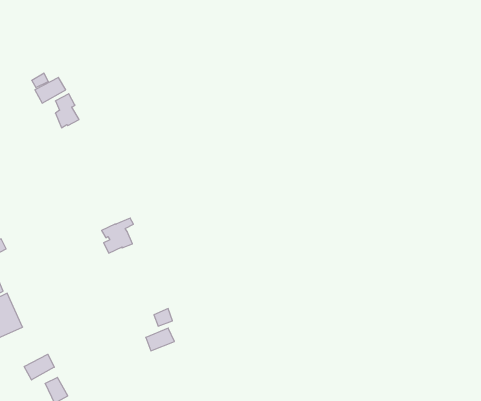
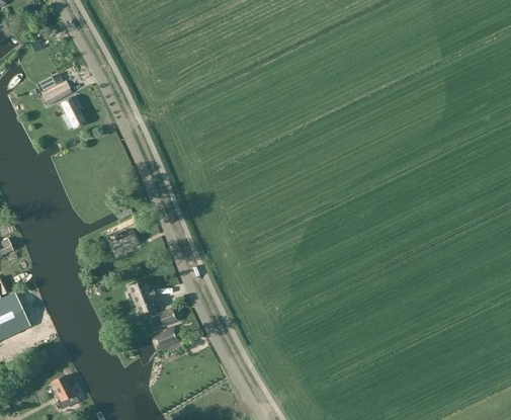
building: none -> [127,280,157,318]
building: [24,354,54,380] -> none

